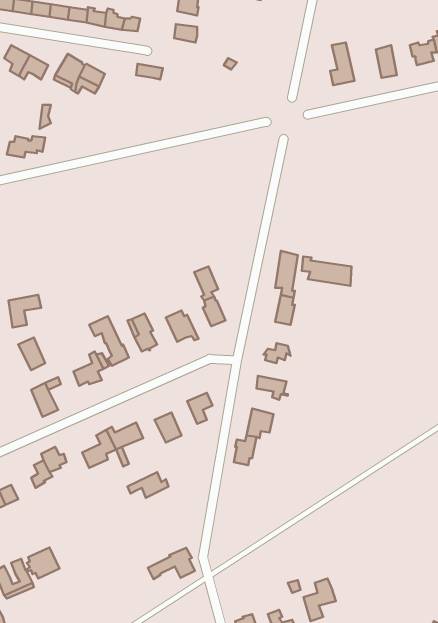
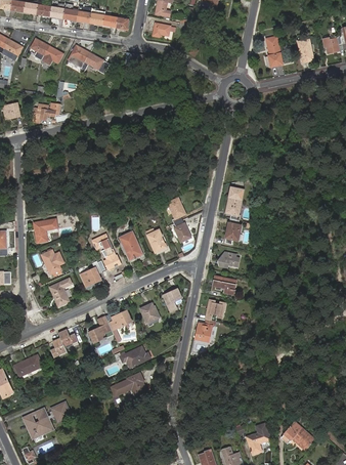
building: [302,257,351,286] -> none
building: [148,548,195,579] -> [112,373,145,395]
building: none -> [282,421,313,449]

